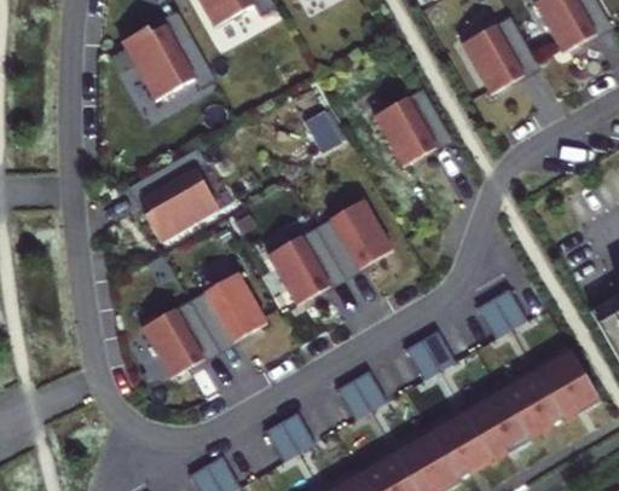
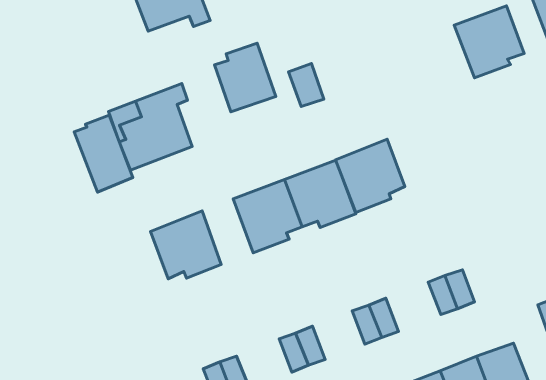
building: [374,87,447,166] -> [336,139,405,212]
building: none -> [215,43,276,112]
building: none -> [74,115,133,192]
building: [141,300,215,377] -> none

